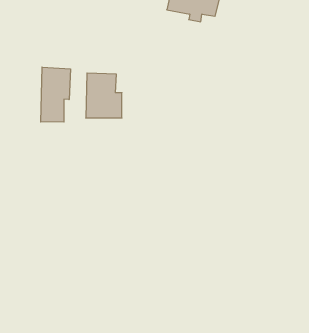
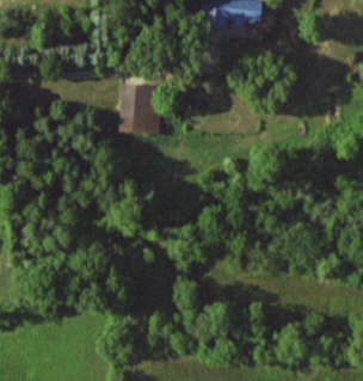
building: [41,67,70,122] -> none

